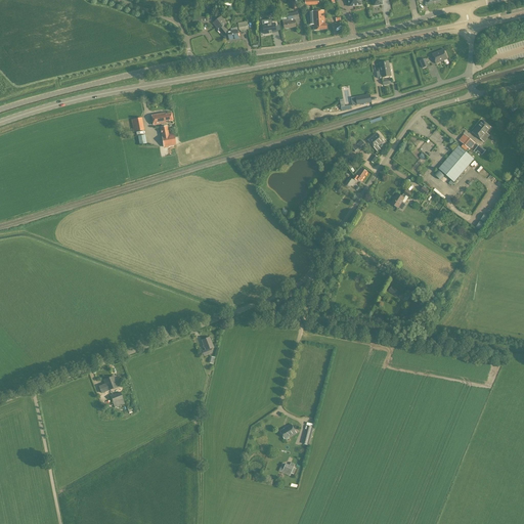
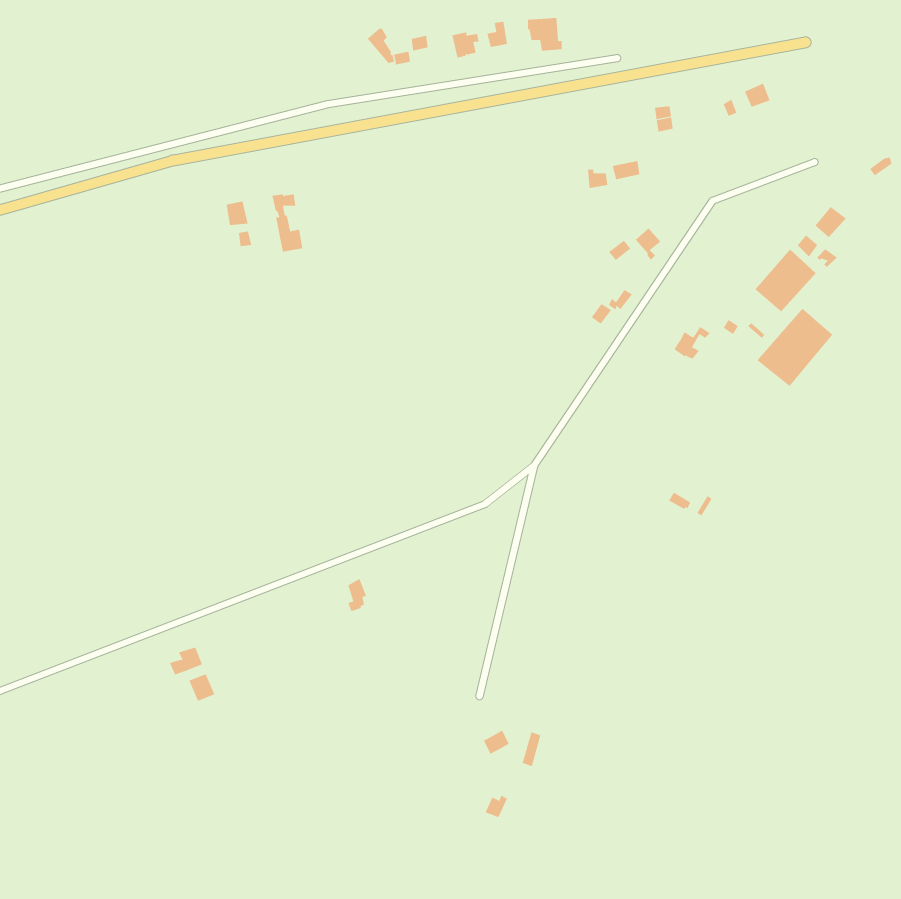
building: none -> [757,308,833,387]

